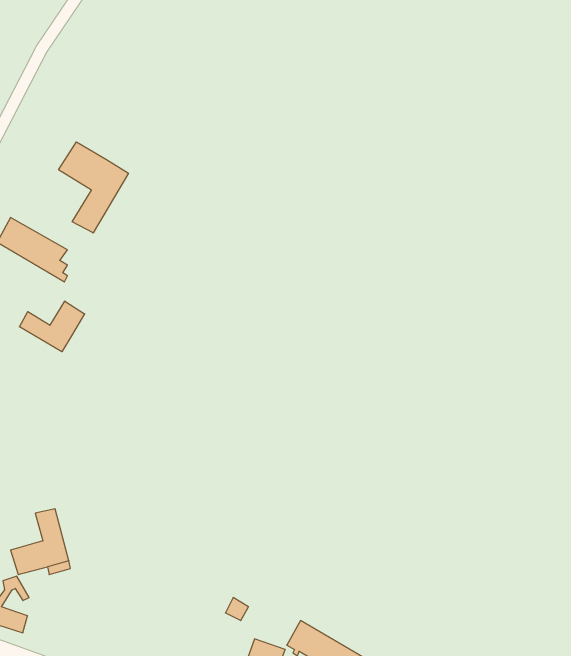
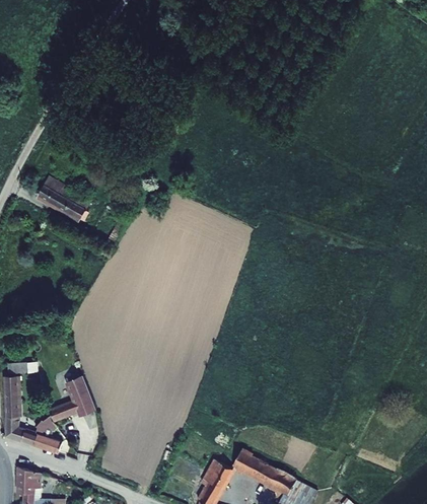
building: [59,142,128,233] -> none
building: [19,301,85,352] -> none

